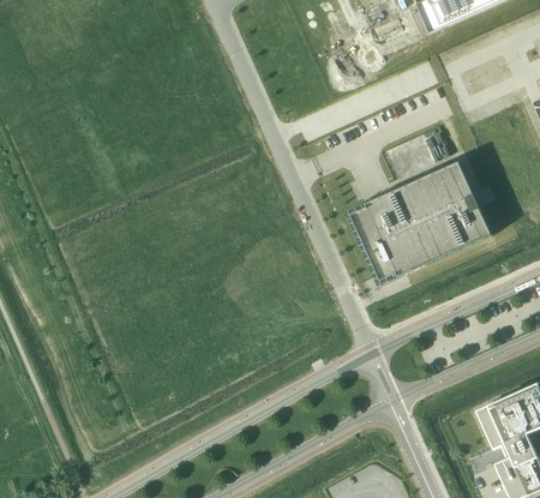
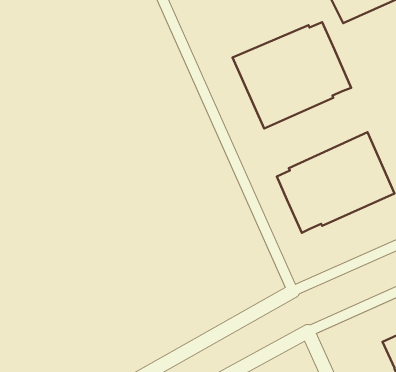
building: none -> [232,22,351,129]

